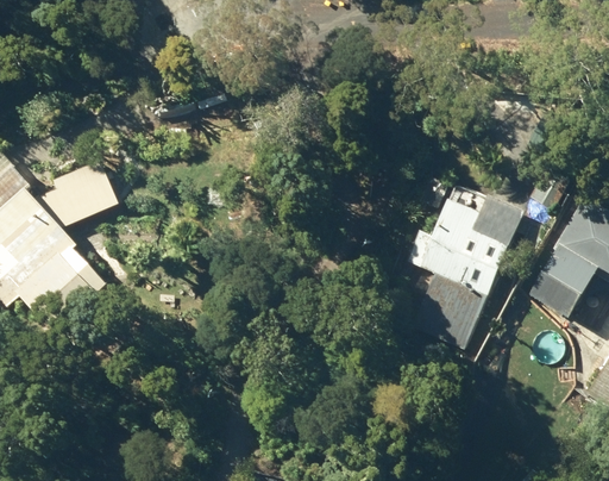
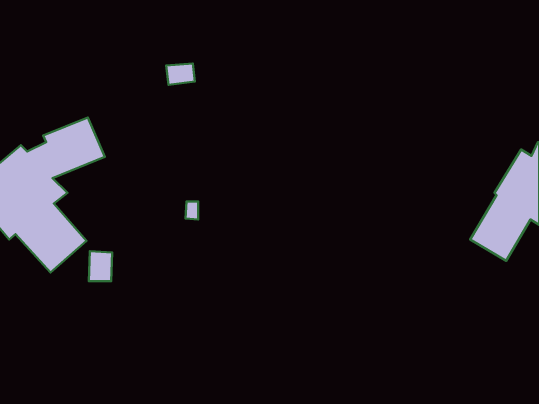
building: [407,193,527,348] -> none

